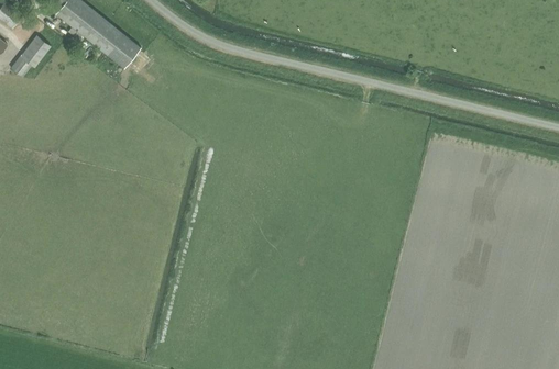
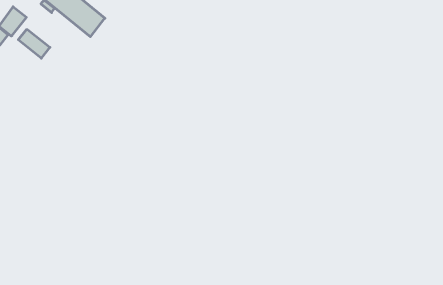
building: none -> [18,30,50,58]

